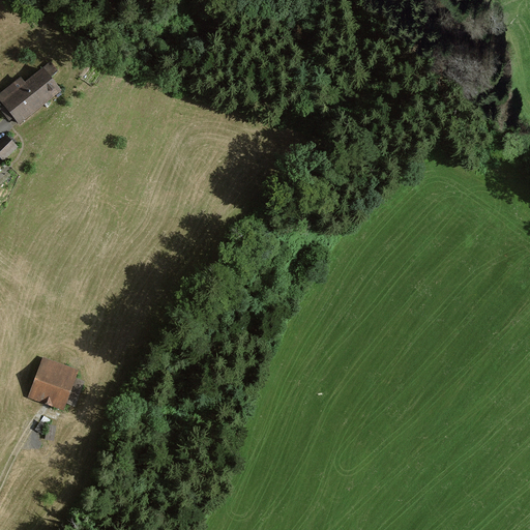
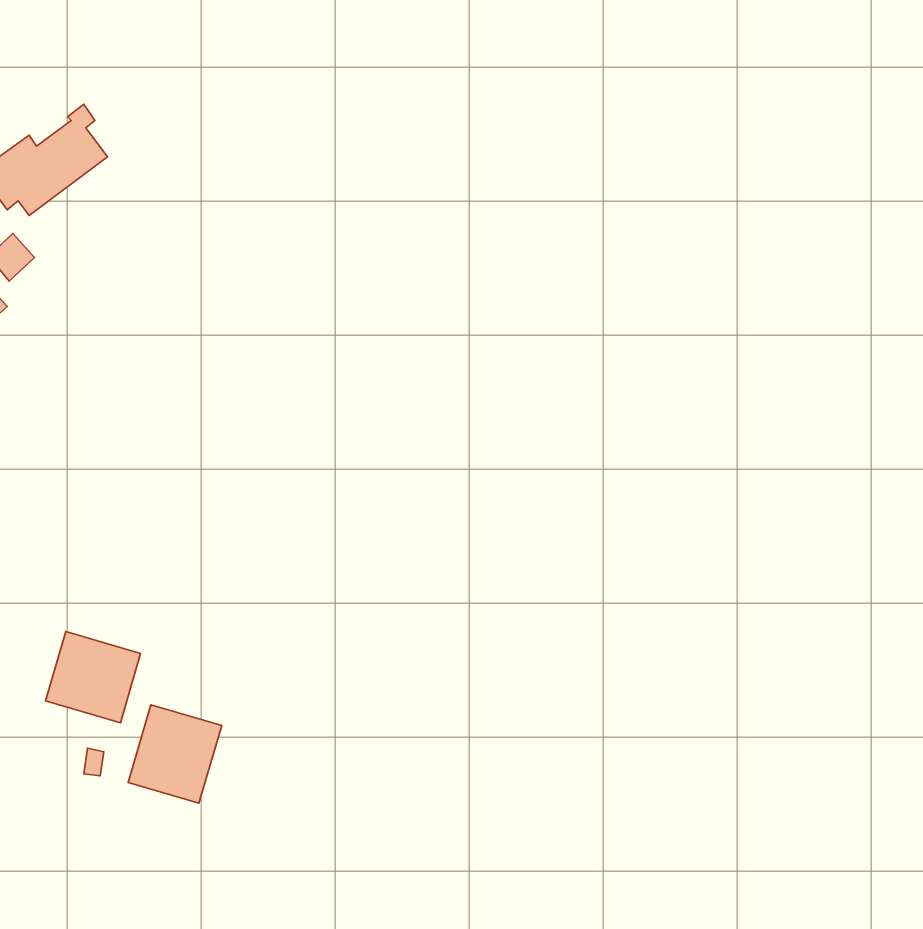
building: none -> [128,705,222,803]

